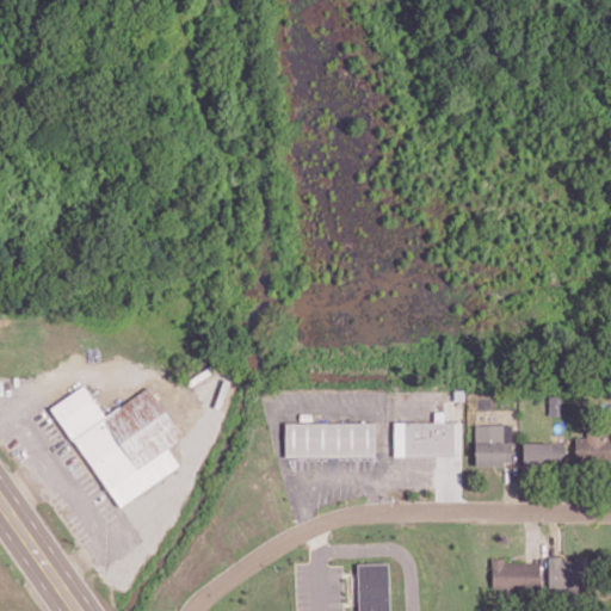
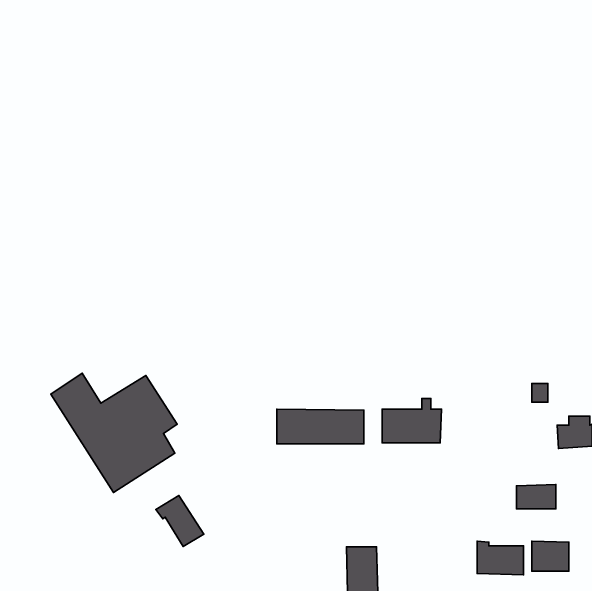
building: [474,425,512,467] -> none
building: [523,443,563,468] -> [517,485,556,509]
building: none -> [156,496,204,547]

